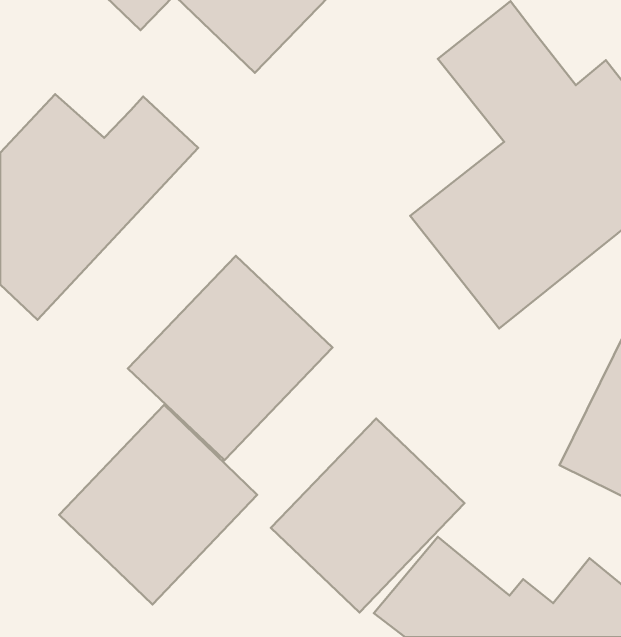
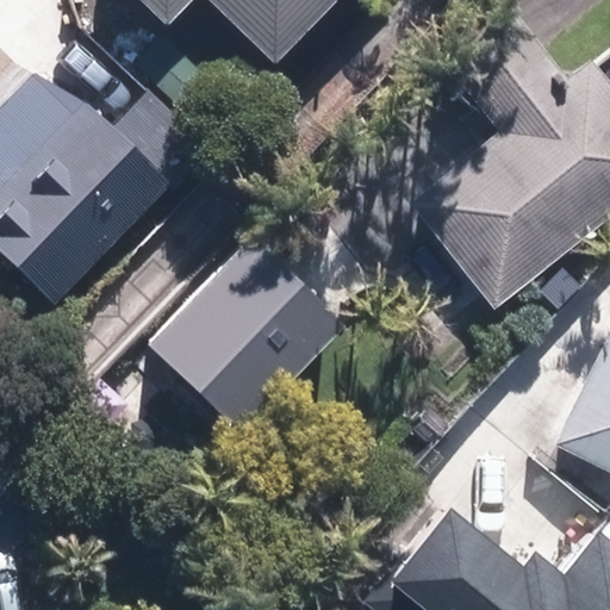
building: [59,405,257,604] -> none
building: [271,418,465,613] -> none

